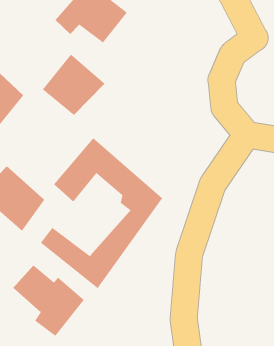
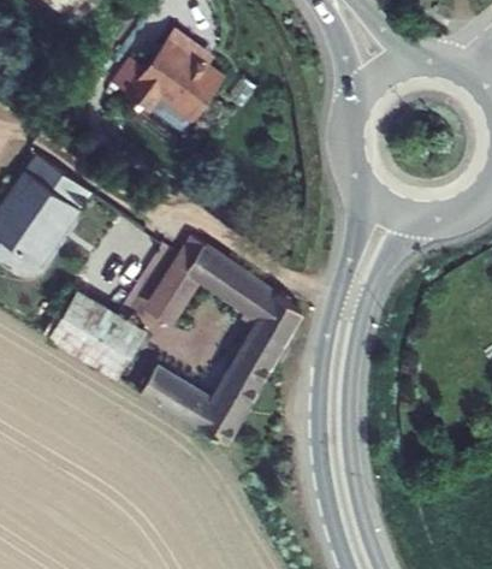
building: [42,53,106,116] -> none
building: [12,265,85,337] -> none

